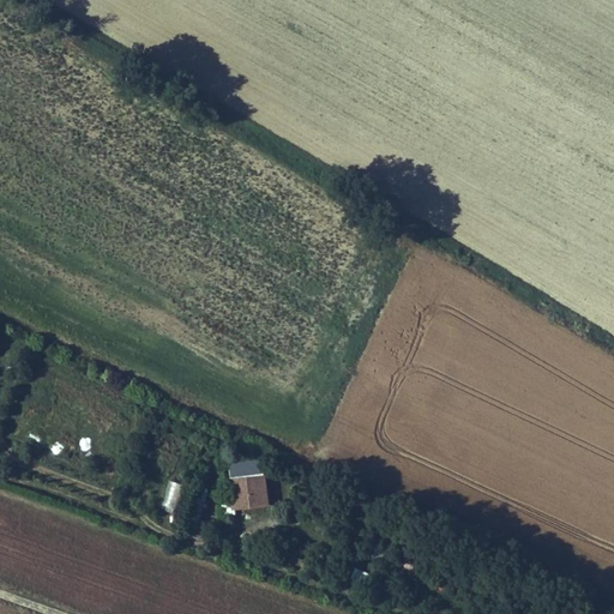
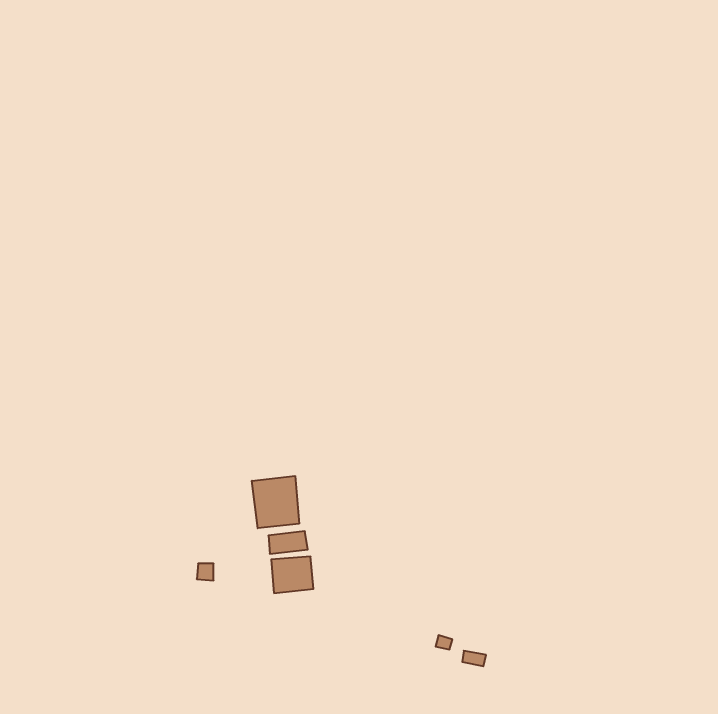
building: none -> [252,476,299,528]

